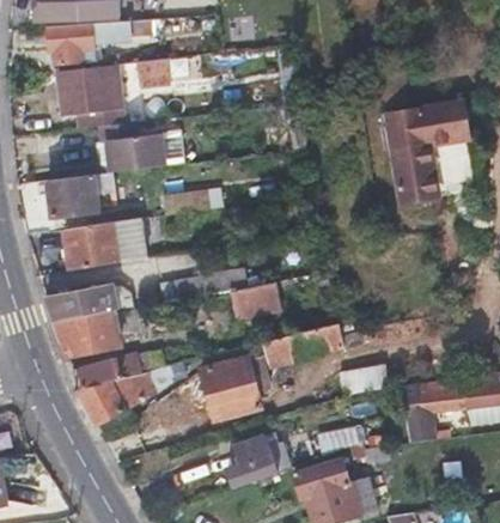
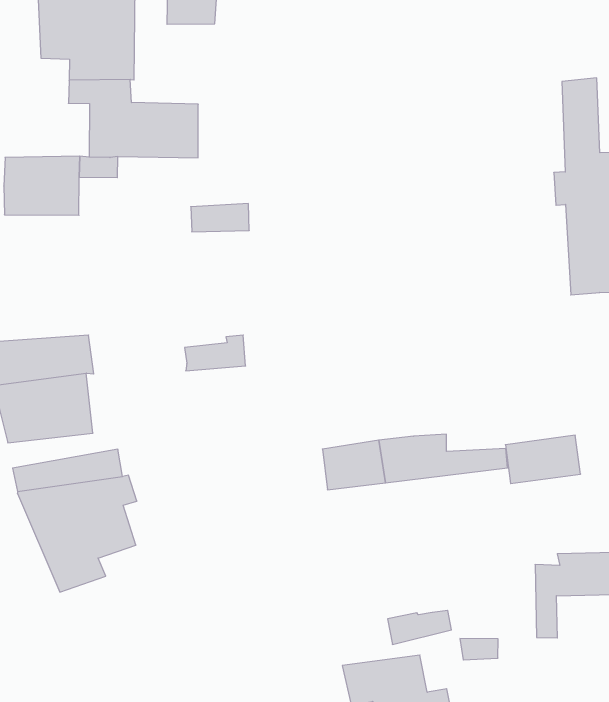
building: [61,217,145,269] -> none
building: [234,279,283,312] -> none
building: [202,352,262,420] -> none
building: [341,360,390,395] -> [505,435,581,484]
building: [227,433,289,487] -> none

